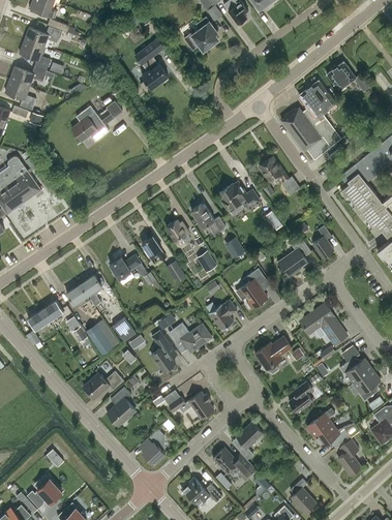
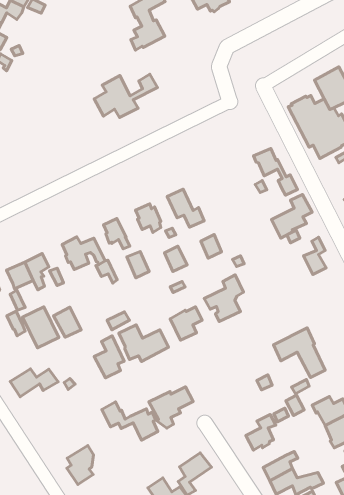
building: [71,100,123,142] -> [94,74,157,117]
building: [219,182,260,216] -> none
building: [278,238,311,277] -> [271,195,312,238]
building: [254,336,292,373] -> [149,387,193,428]
building: [108,387,135,426] -> none

